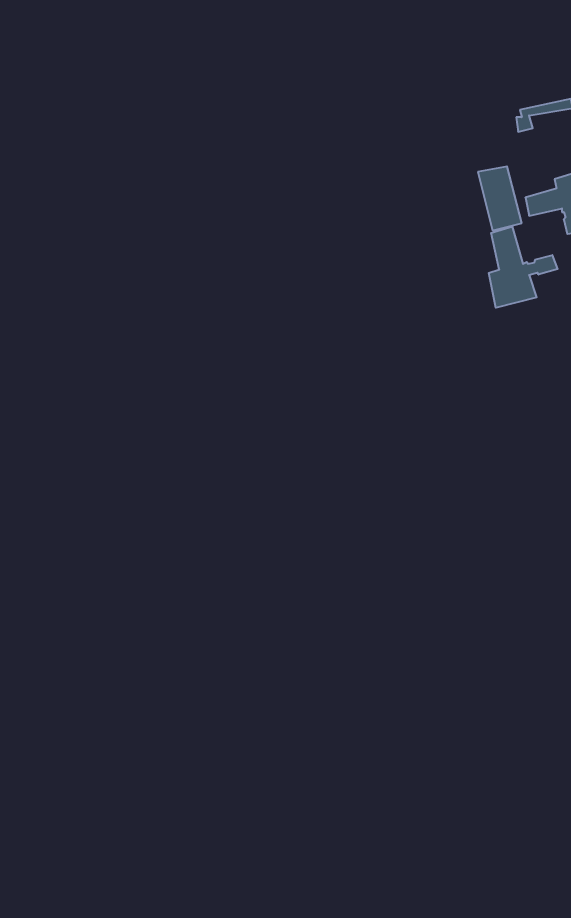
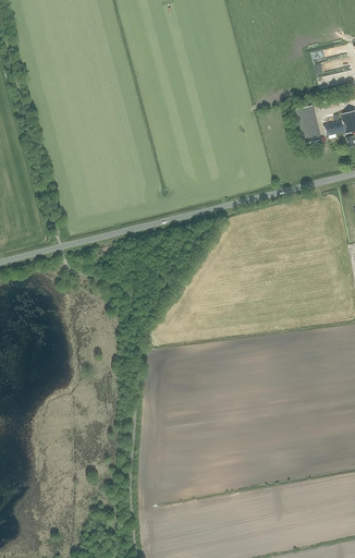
building: [489,226,558,308] -> none

